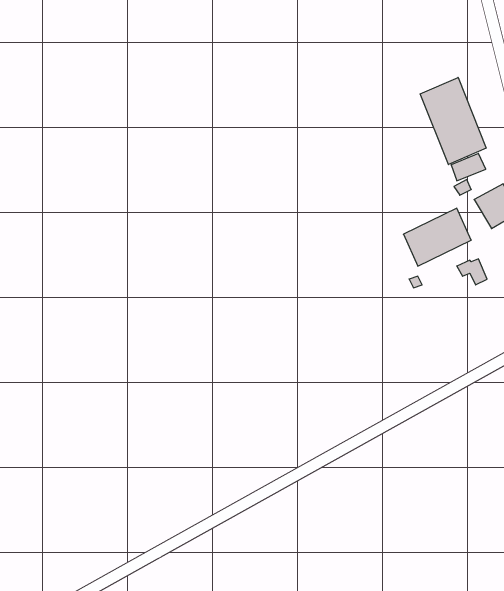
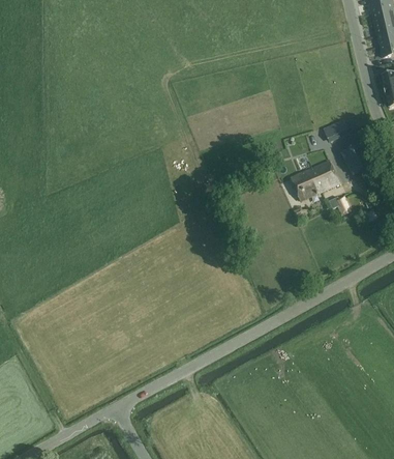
building: [420,77,486,165] -> none

